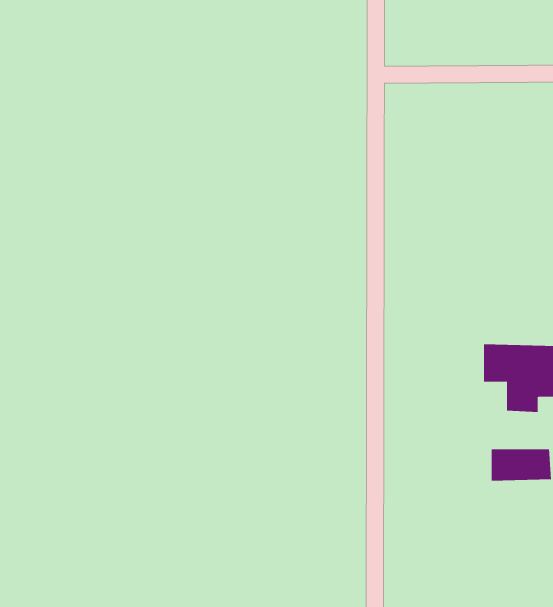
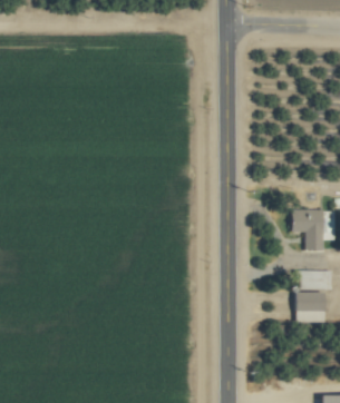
building: none -> [294,292,326,322]

